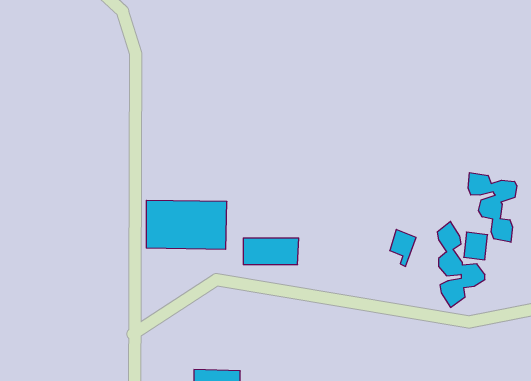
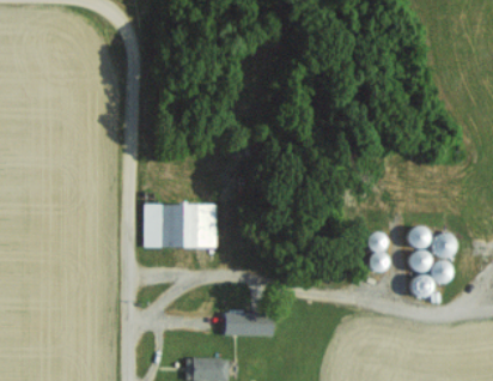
building: [468,173,517,242] -> none
building: [243,238,299,265] -> [224,313,274,337]

